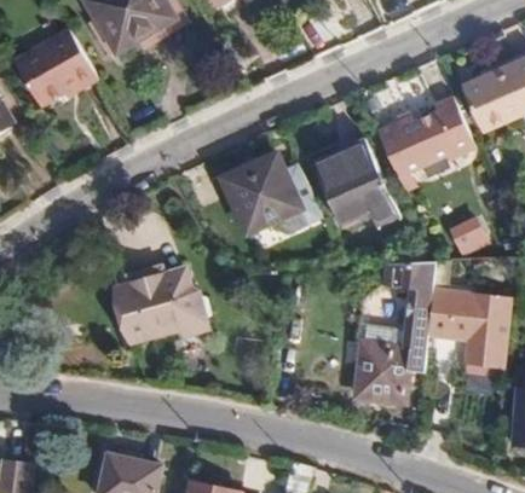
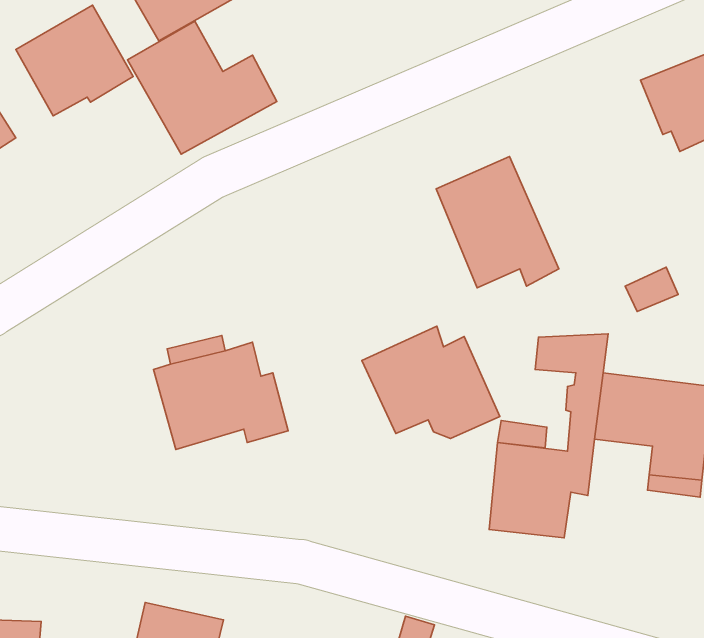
building: none -> [127,21,277,154]
building: [376,95,474,191] -> none
building: [221,152,319,232] -> [362,326,500,439]

